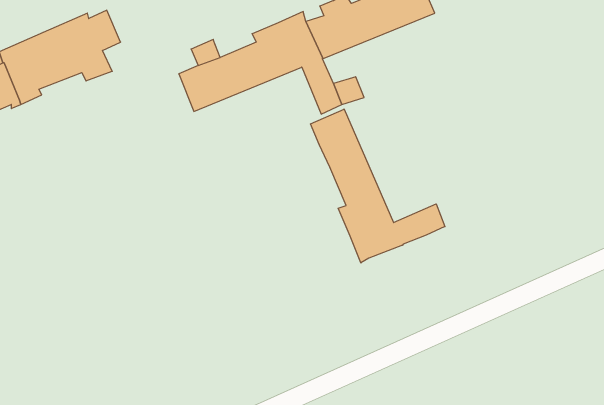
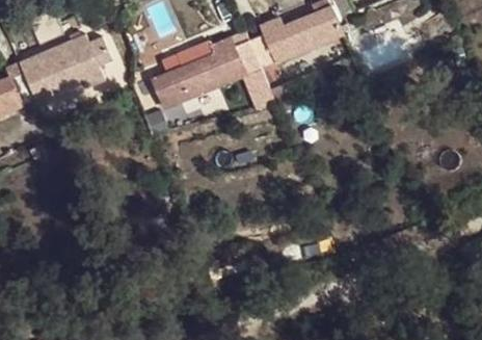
building: [311,109,445,263] -> none

